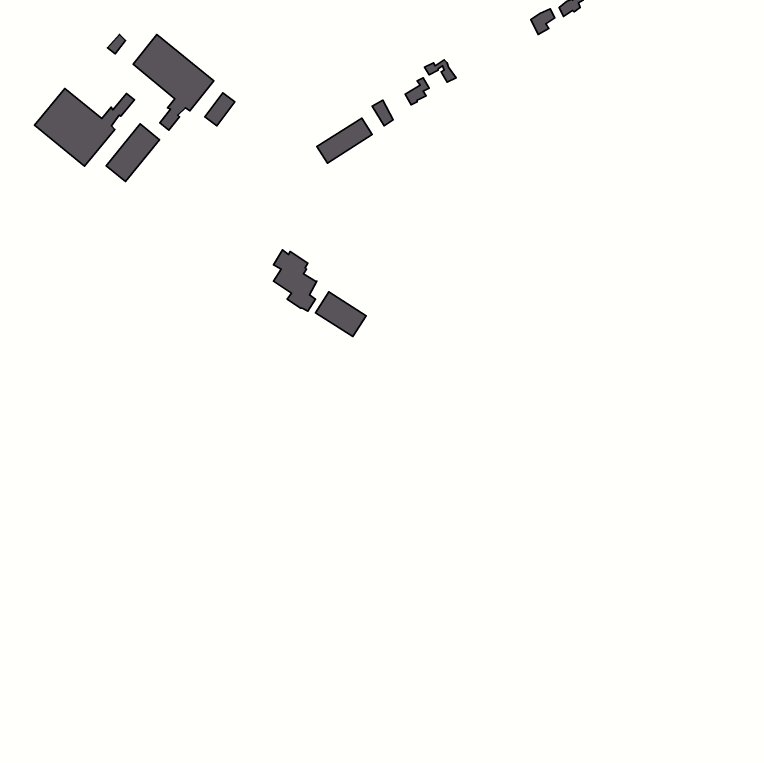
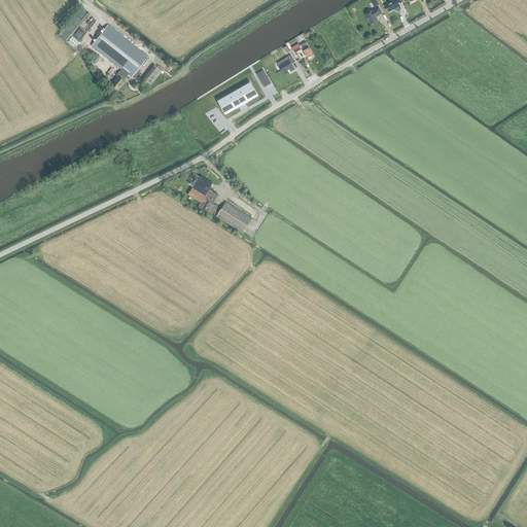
building: [34,88,134,166] -> none
building: [106,124,160,181] -> none

